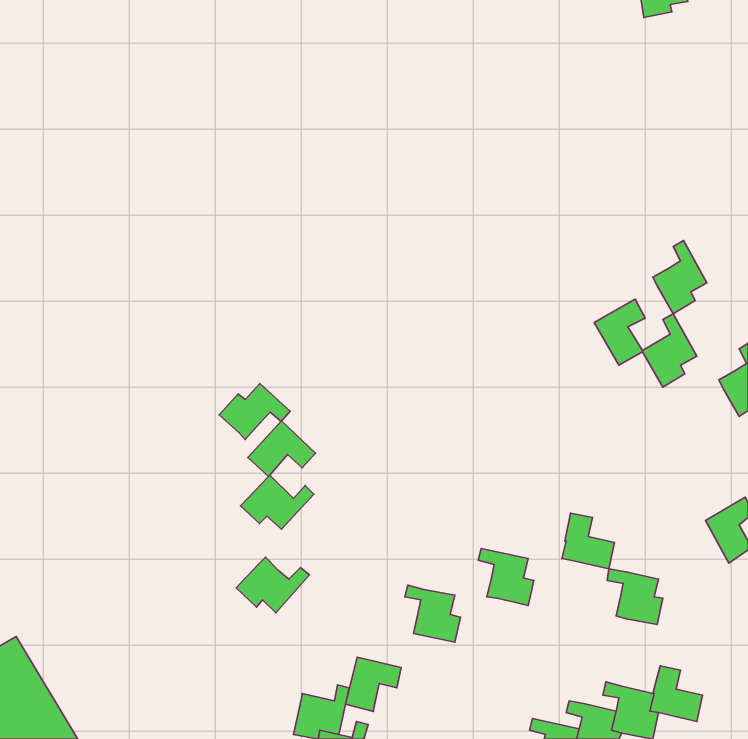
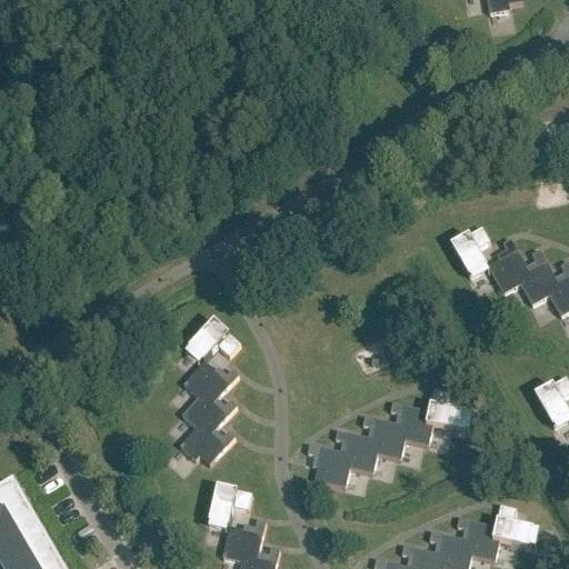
building: [653,240,707,314] -> [516,249,557,305]
building: [219,383,290,439] -> none
building: none -> [181,391,236,432]
building: none -> [335,430,377,472]
building: [607,569,663,625] -> [390,402,432,445]
building: [345,657,401,711] -> [208,486,250,527]

